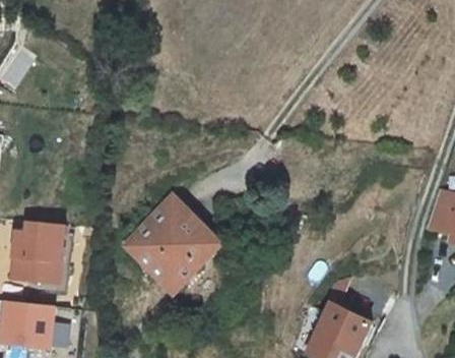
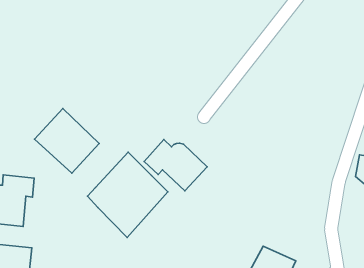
building: none -> [35,109,99,173]
building: none -> [144,139,207,191]

